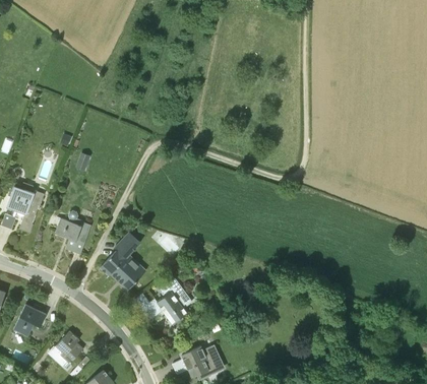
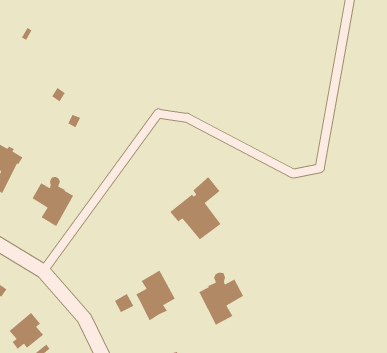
building: [100,233,146,291] -> [169,176,222,242]
building: none -> [198,272,244,326]

